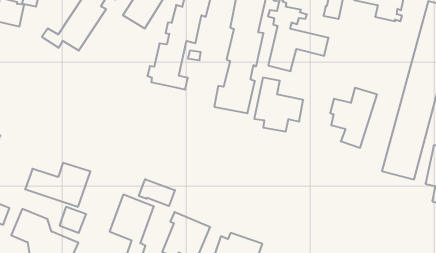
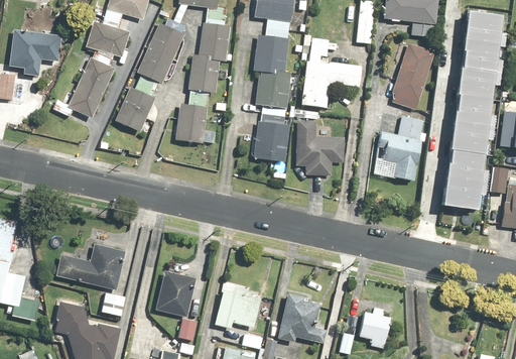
building: none -> [390,41,437,110]
building: none -> [114,86,157,132]
building: [139,179,175,206] -> none

